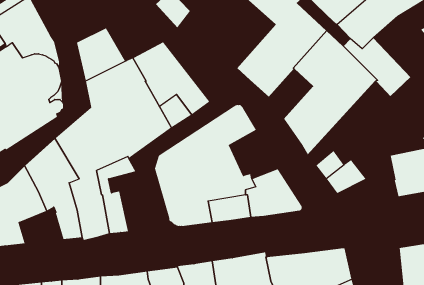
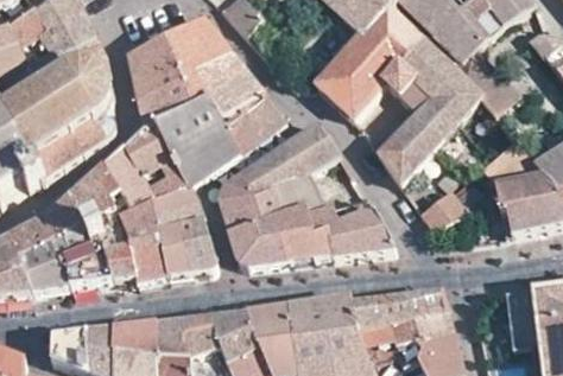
building: none -> [165,15,232,74]
building: none -> [167,203,217,273]
building: none -> [63,244,114,287]

